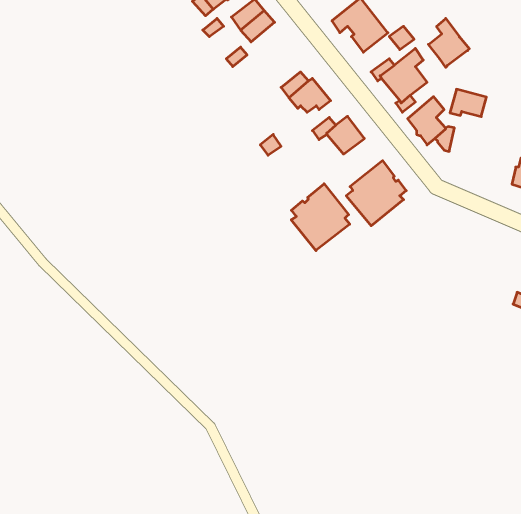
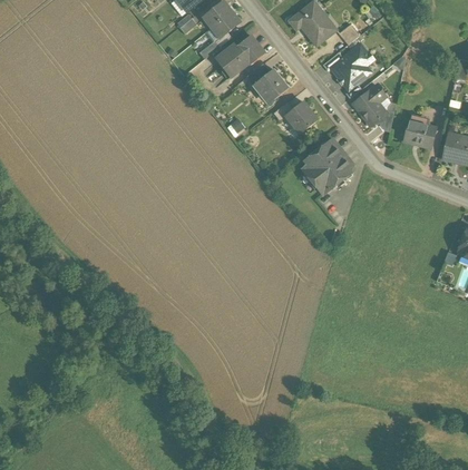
building: [428,18,469,67] -> none
building: none -> [214,33,264,77]
building: [450,89,486,117] -> [403,120,435,144]
building: [291,184,350,251] -> none

